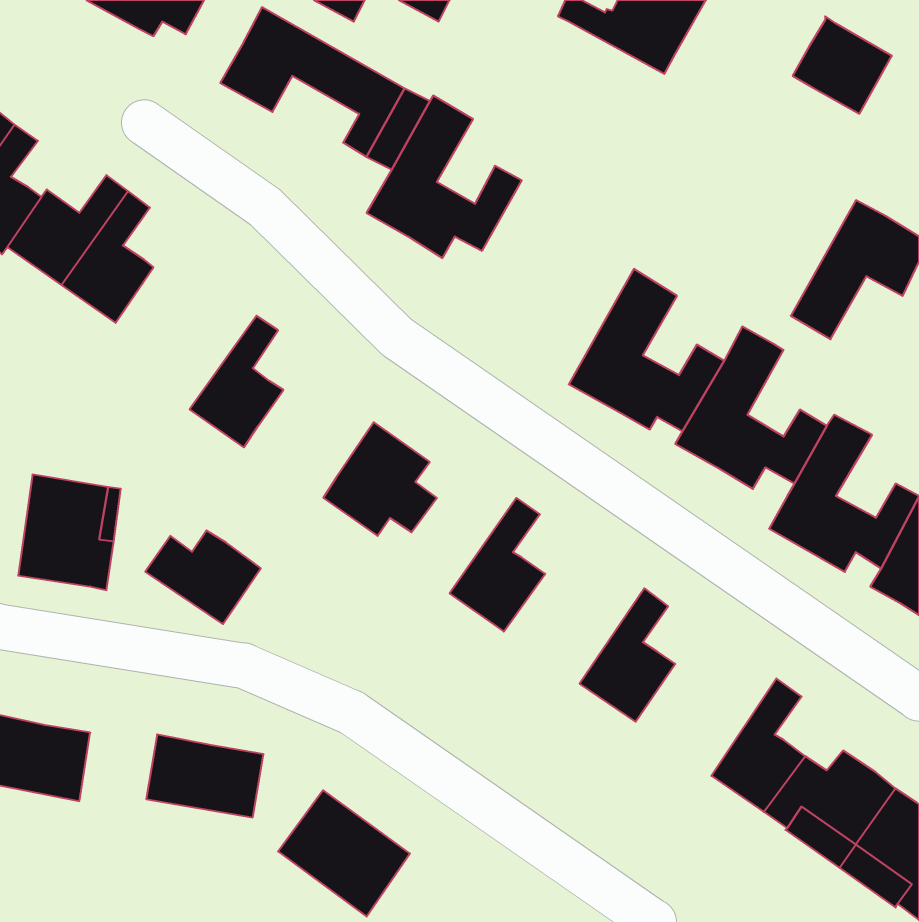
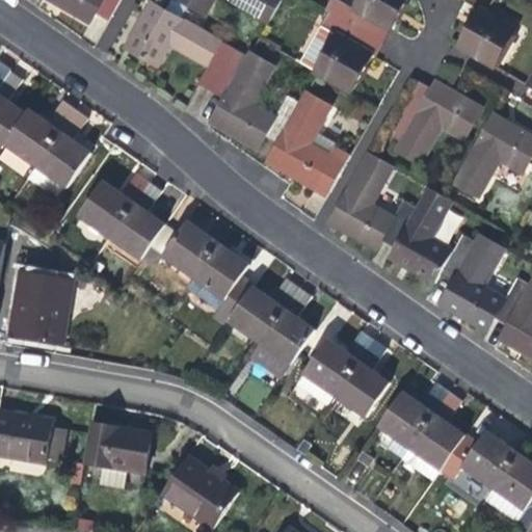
building: none -> [313,12,382,91]
building: none -> [388,80,480,163]
building: none -> [268,95,348,195]
building: none -> [79,172,148,236]
building: none -> [228,278,297,342]
building: [145,530,261,624] -> [149,221,215,275]
building: none -> [298,330,371,405]
building: none -> [378,382,447,447]

